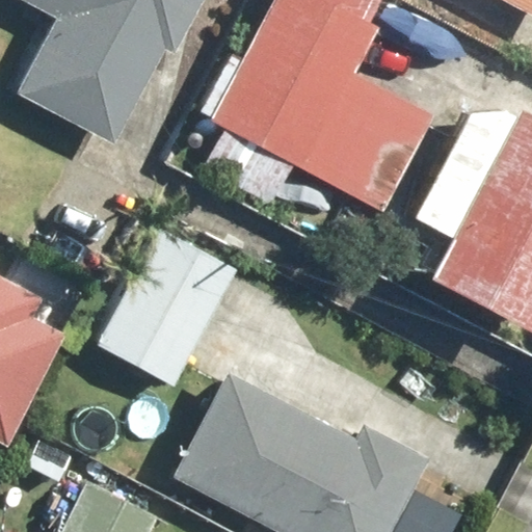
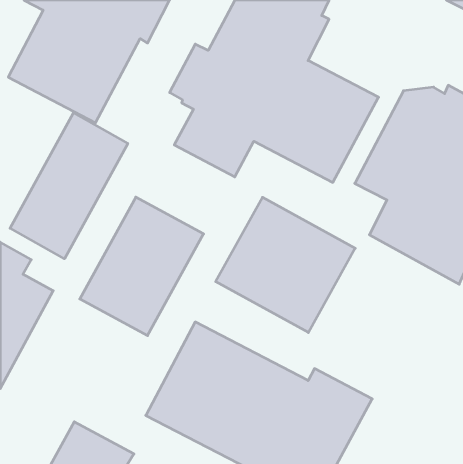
building: none -> [10,113,128,259]
building: none -> [216,197,355,333]

